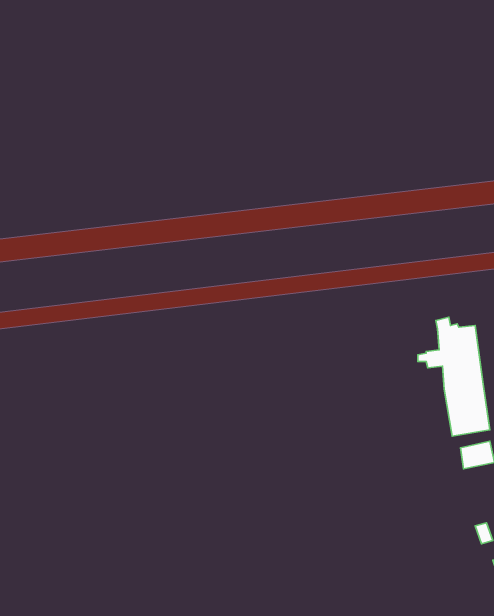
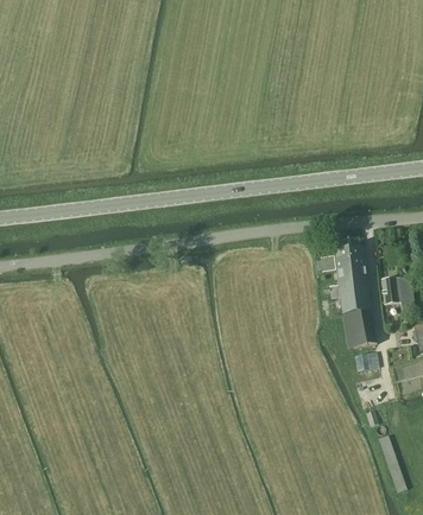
building: none -> [322,246,366,271]

